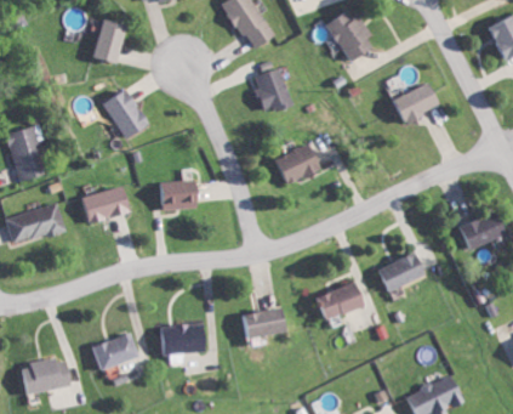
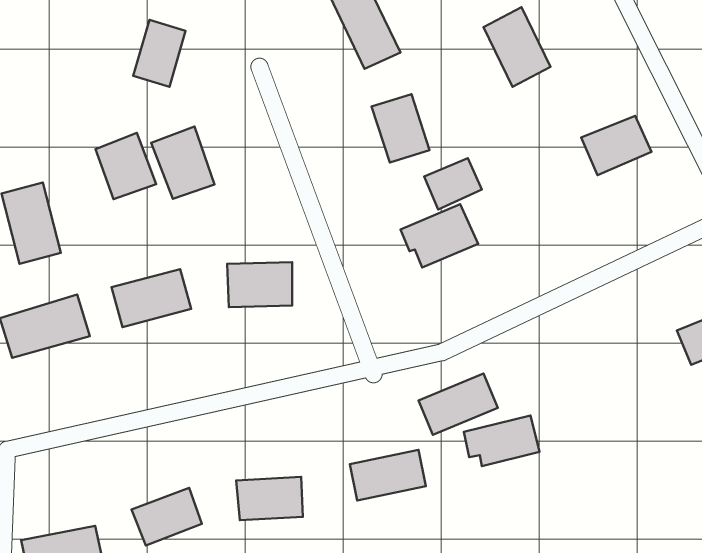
building: none -> [96,133,156,199]
building: none -> [424,158,482,209]
building: [375,251,428,293] -> [418,373,498,435]

